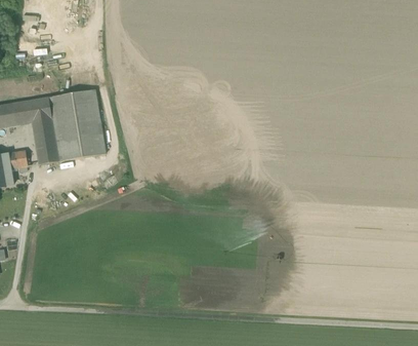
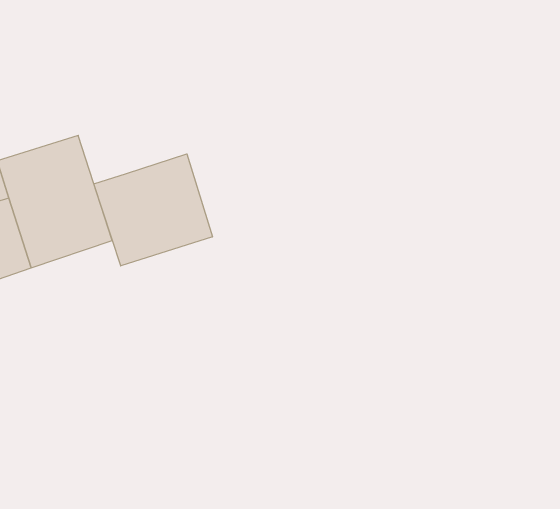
building: none -> [94,154,212,266]

